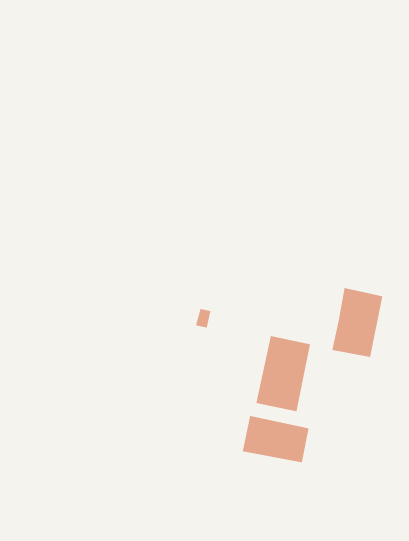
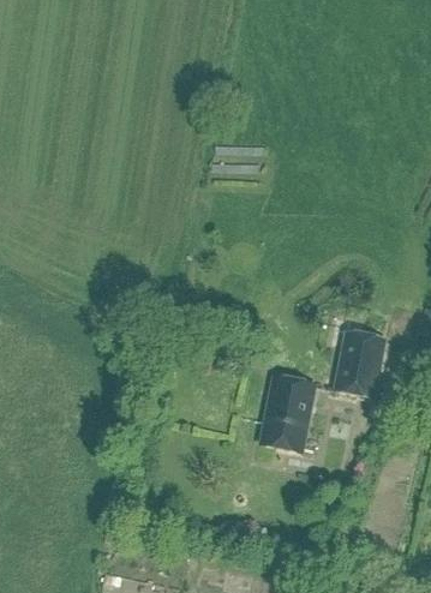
building: [242,415,309,463] -> none

